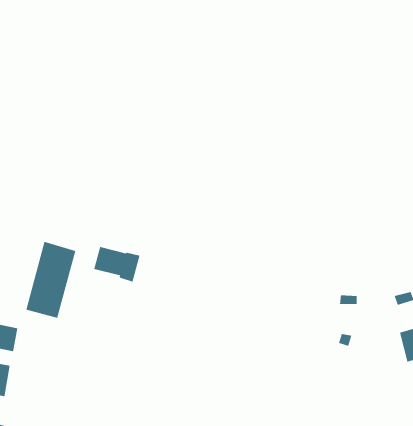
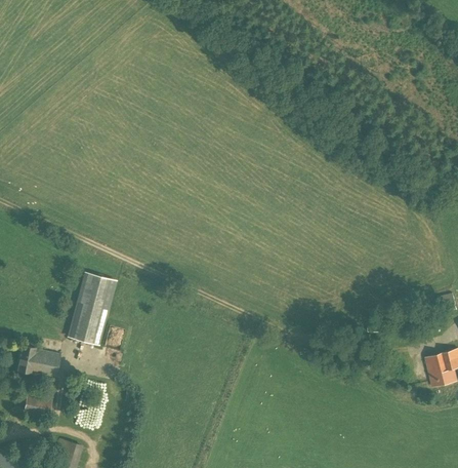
building: [93,246,140,282] -> none

